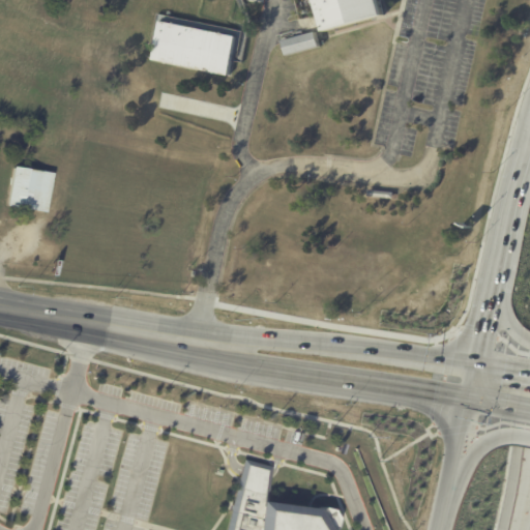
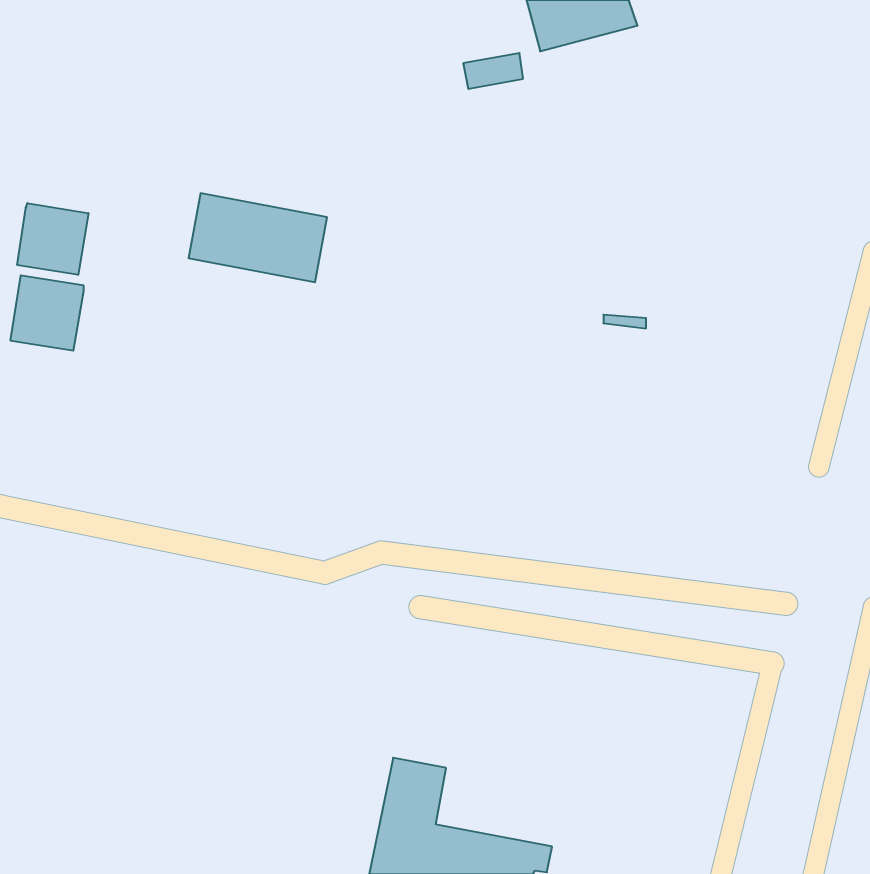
building: [153,21,237,75] -> [189,193,327,282]
building: none -> [17,203,88,275]

